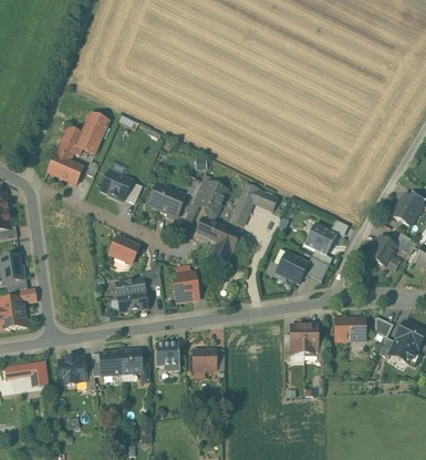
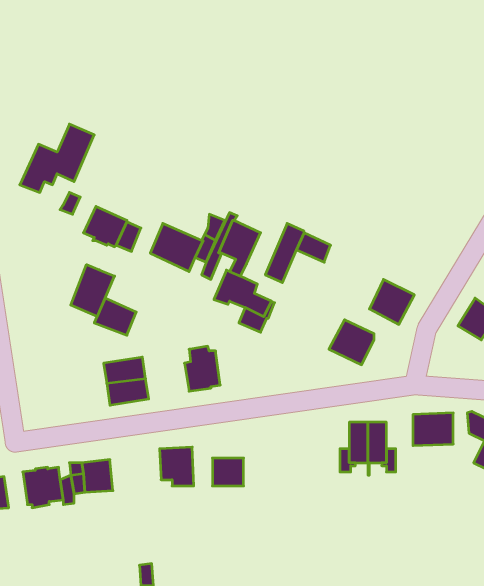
building: [48,154,83,185] -> none
building: none -> [71,265,115,317]
building: [120,350,142,374] -> none

